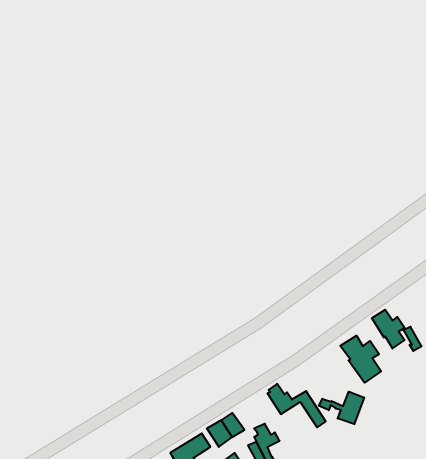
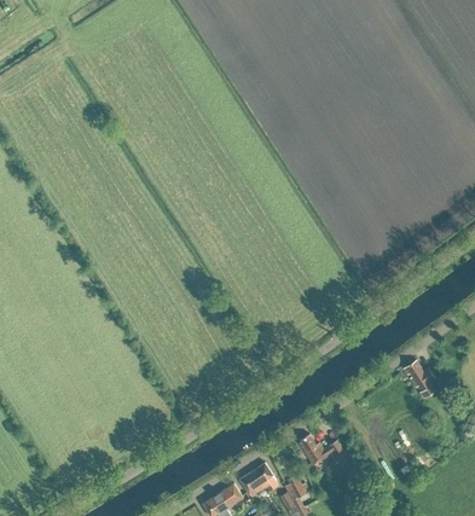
building: [340,336,381,383] -> none
building: [319,392,364,424] -> none

